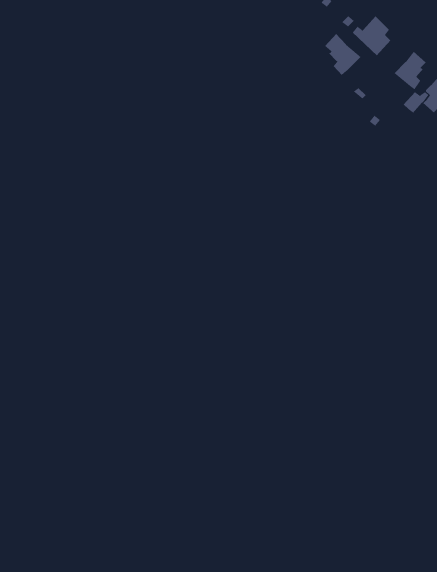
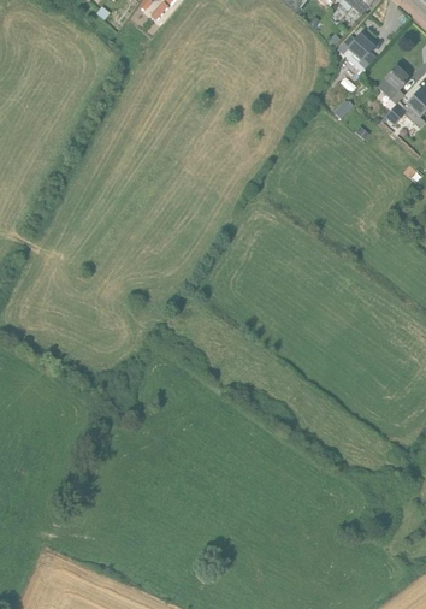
building: [324,33,361,76] -> none

